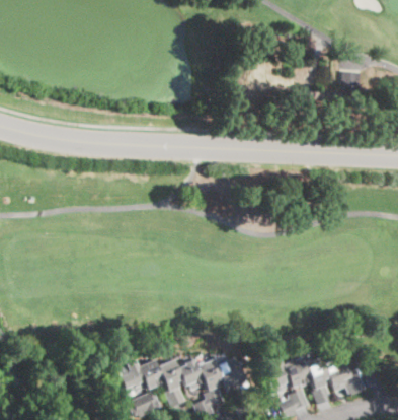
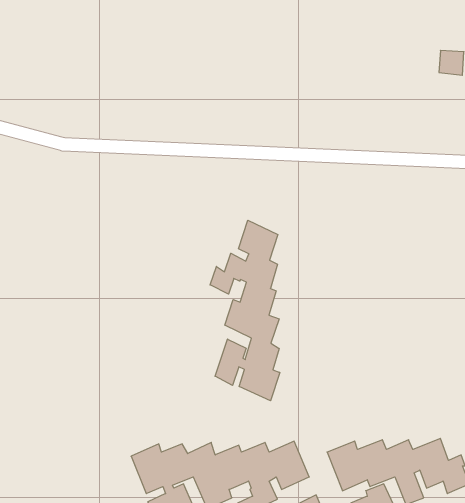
building: none -> [210,220,280,401]

